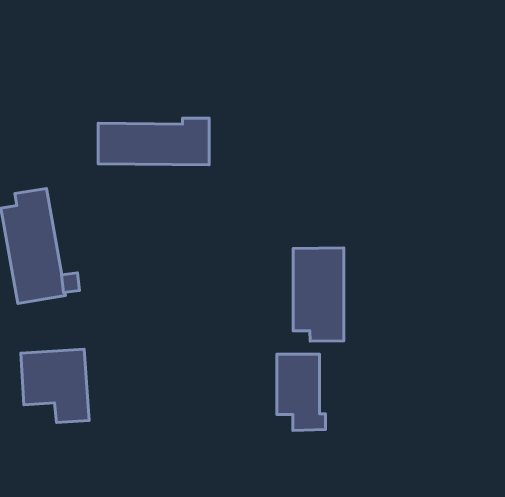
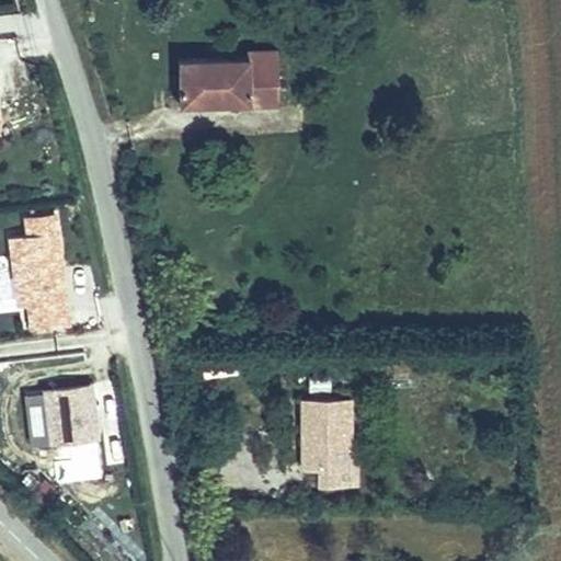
building: [98,118,209,165] -> [169,51,291,103]
building: [293,248,344,341] -> none

